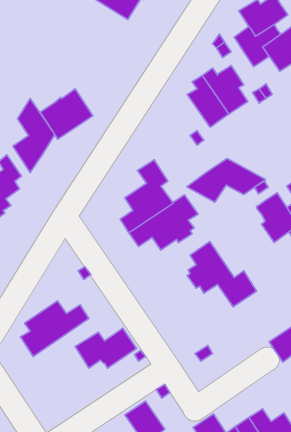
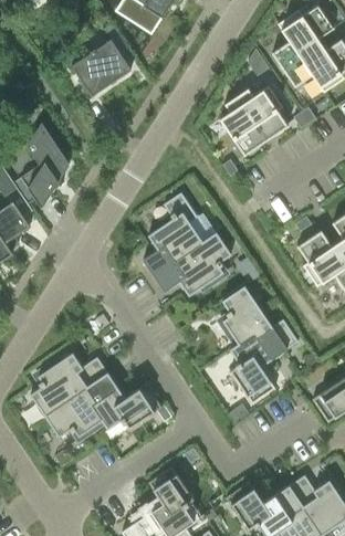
building: [40,89,93,139] -> [71,39,130,96]
building: [187,158,266,202] -> none
building: none -> [229,334,275,403]
building: none -> [44,372,118,440]

